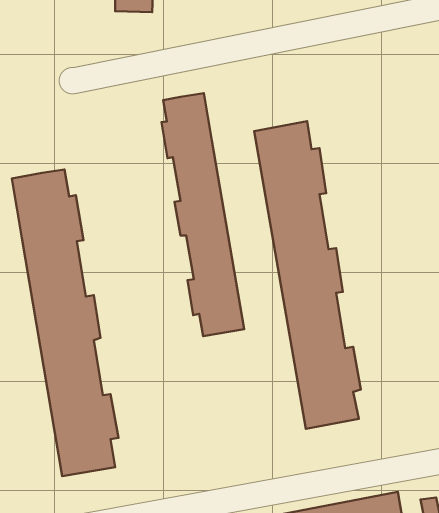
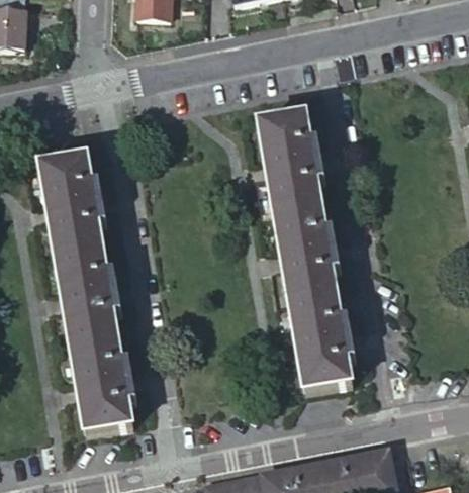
building: [162,93,244,336] -> none

